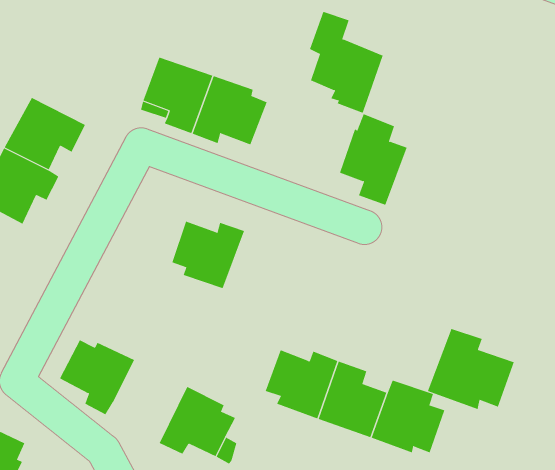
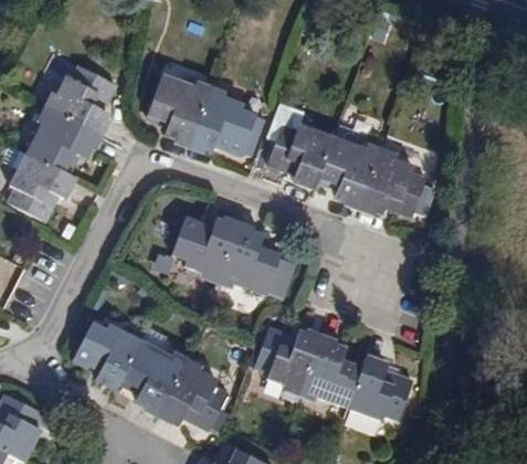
building: [309,11,383,113] -> [267,99,333,189]
building: none -> [50,67,113,135]
building: none -> [360,155,425,213]
building: none -> [218,228,295,297]
building: [427,328,515,410] -> none
building: none -> [122,340,186,413]

